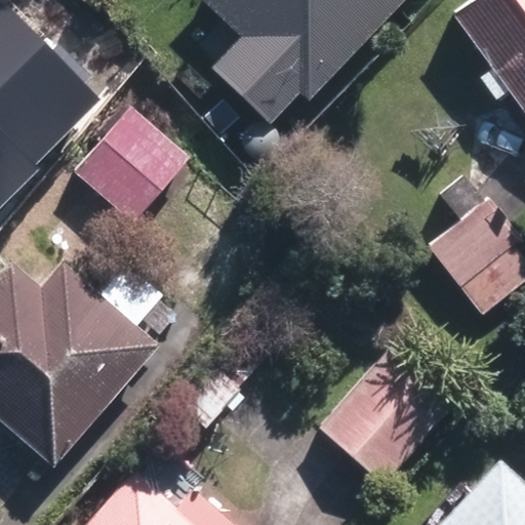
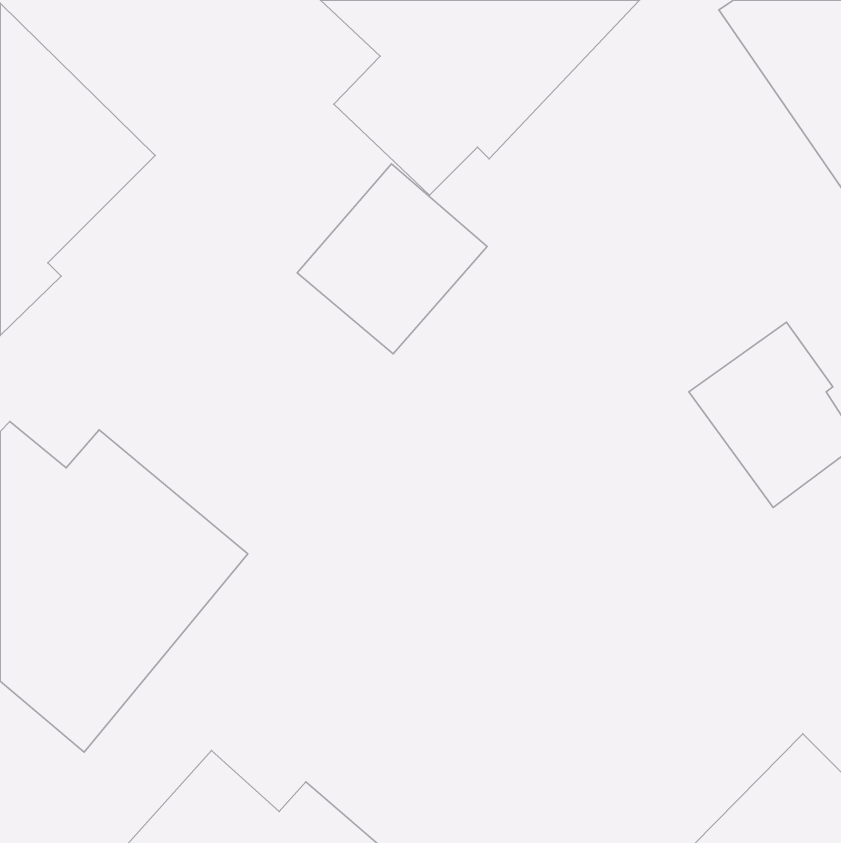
building: [73,105,191,223] -> [297,164,487,354]
building: [320,347,455,483] -> none

